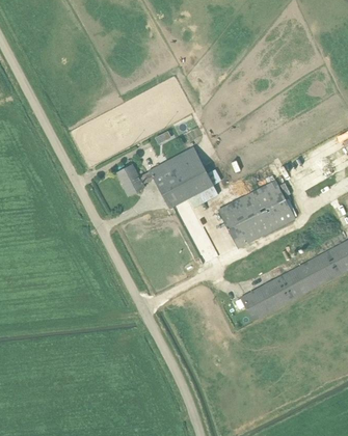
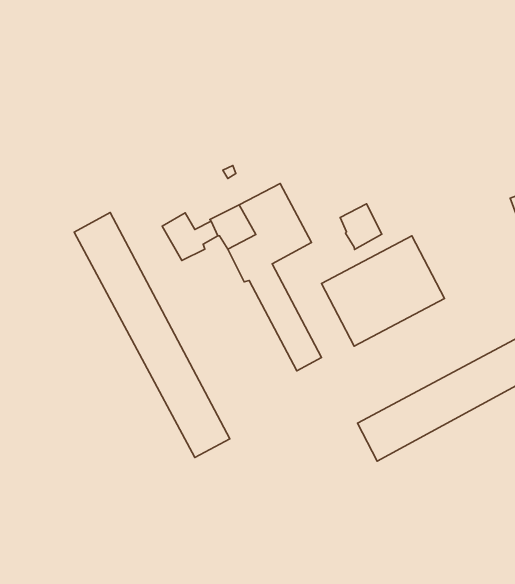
building: none -> [340,204,382,249]
building: none -> [74,212,230,457]

